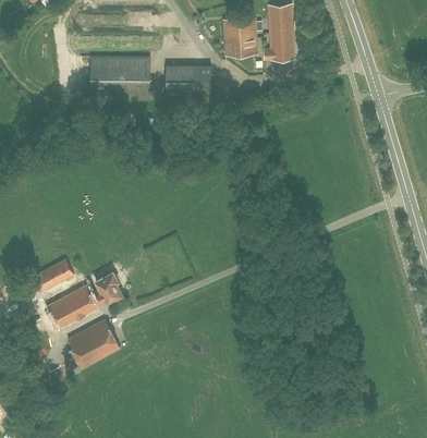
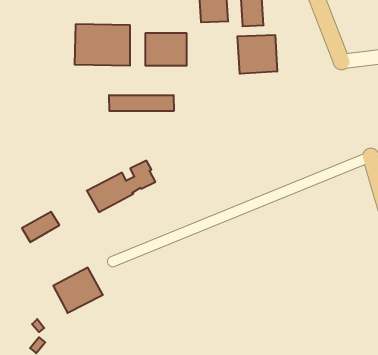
building: none -> [237,35,277,74]
building: none -> [109,95,174,111]
building: [48,271,122,327] -> [87,161,155,212]

